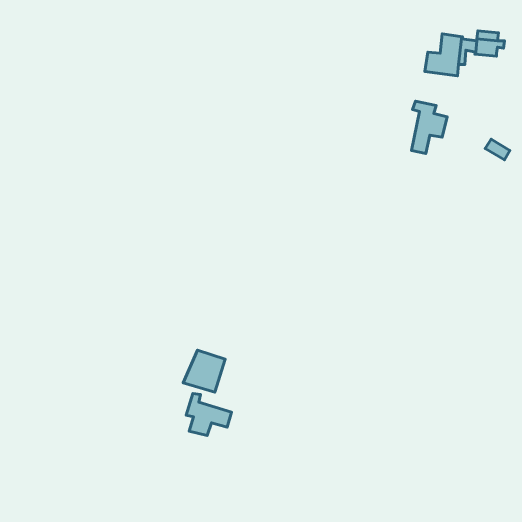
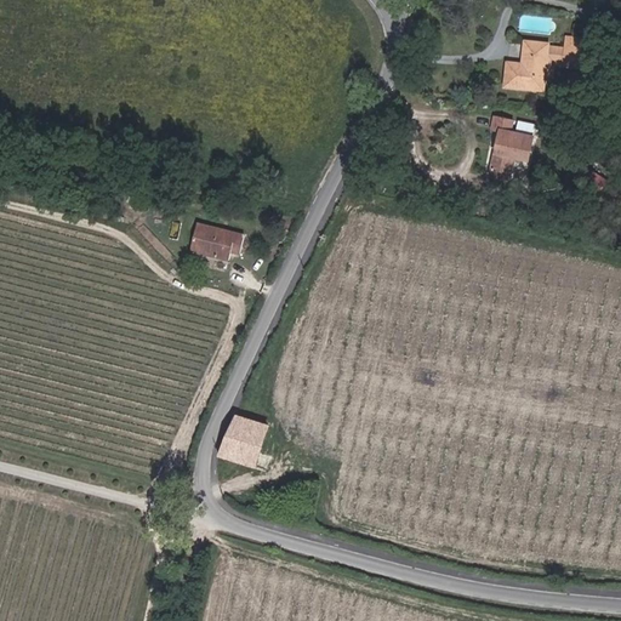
building: none -> [190,223,243,260]
building: [186,394,232,436] -> none

